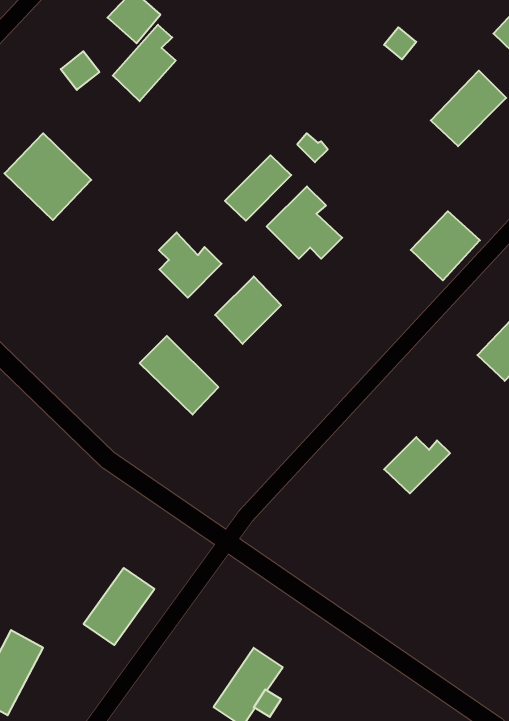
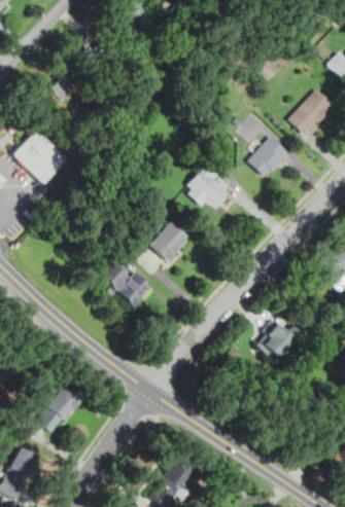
building: [113,25,176,101] -> none
building: [225,155,291,221] -> none
building: [411,211,480,280] -> [247,136,291,180]
building: [159,232,222,298] -> none
building: [84,568,154,645] -> [36,386,81,435]

